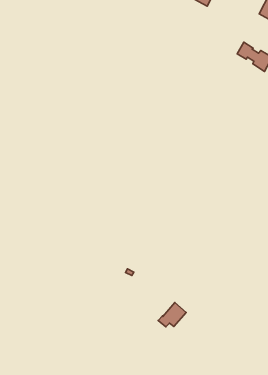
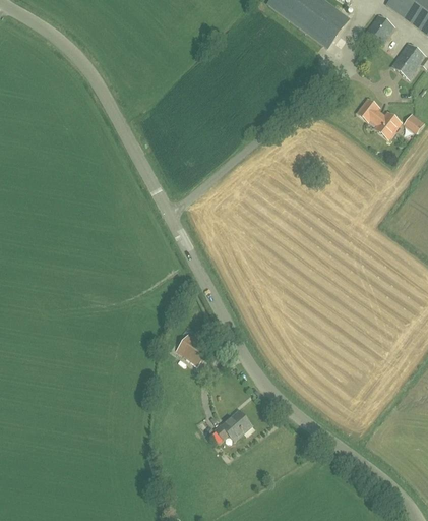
building: none -> [176,333,209,365]

